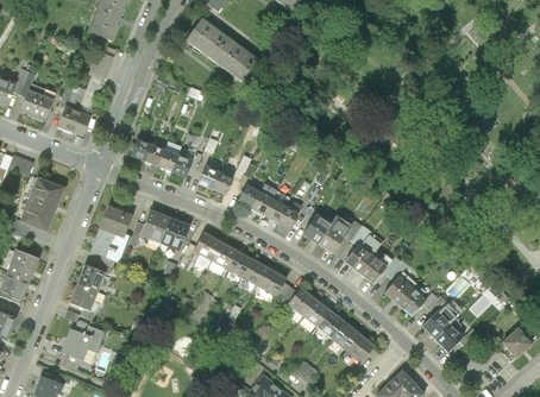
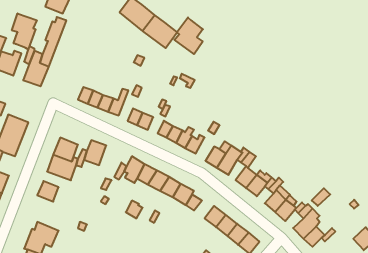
building: none -> [12,13,37,49]
building: none -> [174,17,203,54]
building: [159,219,189,252] -> none
building: [69,285,100,314] -> none
building: [282,289,314,322] -> none

